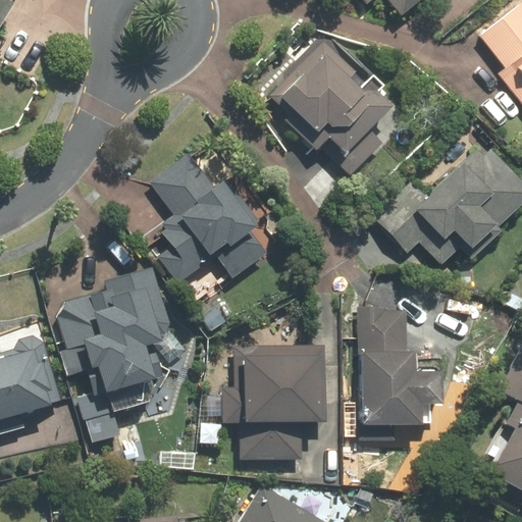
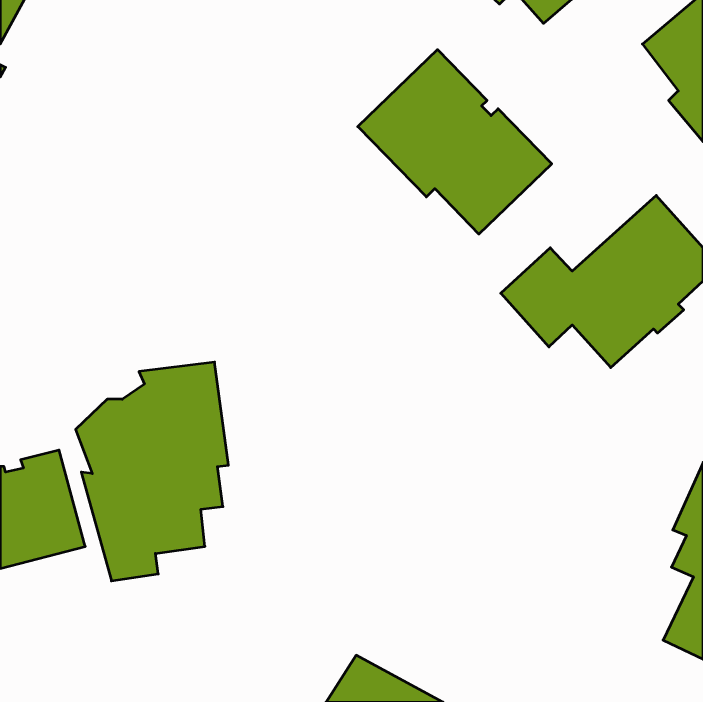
building: [150,146,271,283] -> none
building: [356,309,446,426] -> none
building: [219,343,326,458] -> none

